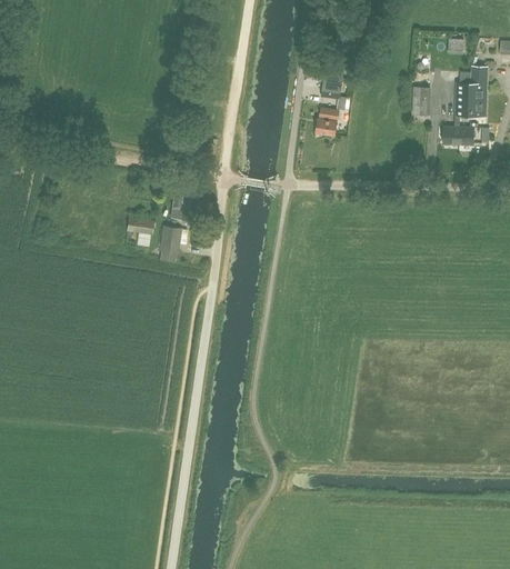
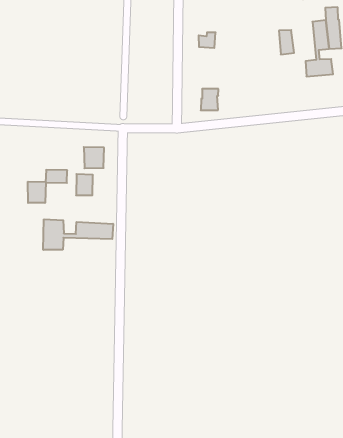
building: [316,107,339,133] -> [201,89,218,110]
building: none -> [28,182,46,203]
building: none -> [43,219,113,250]

